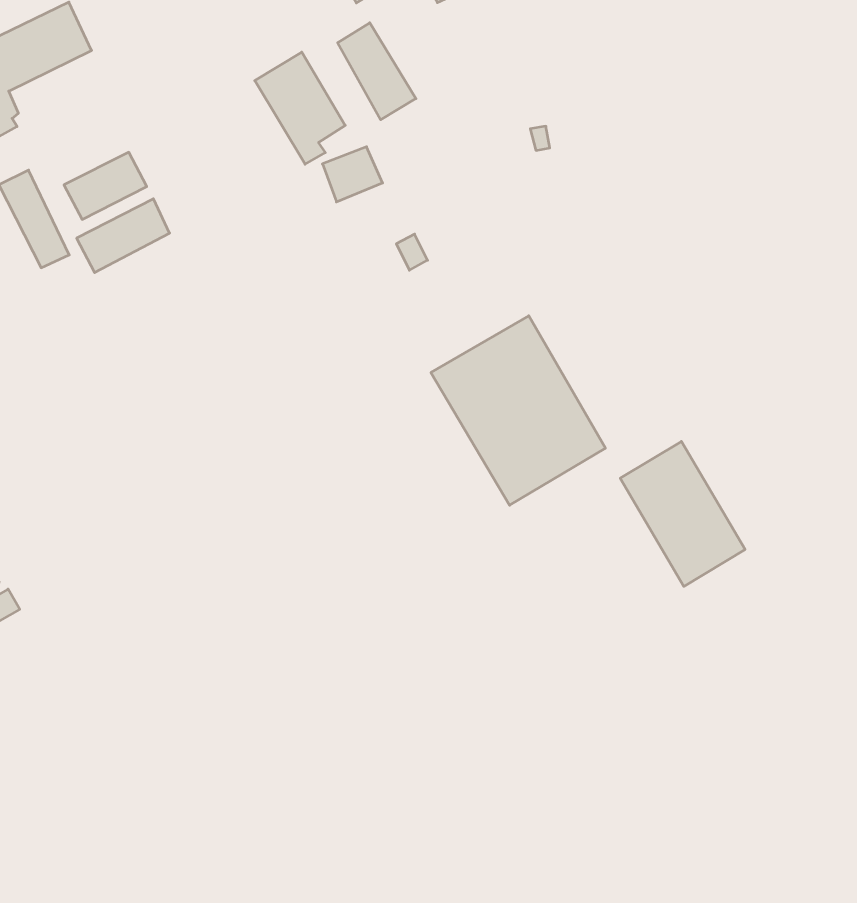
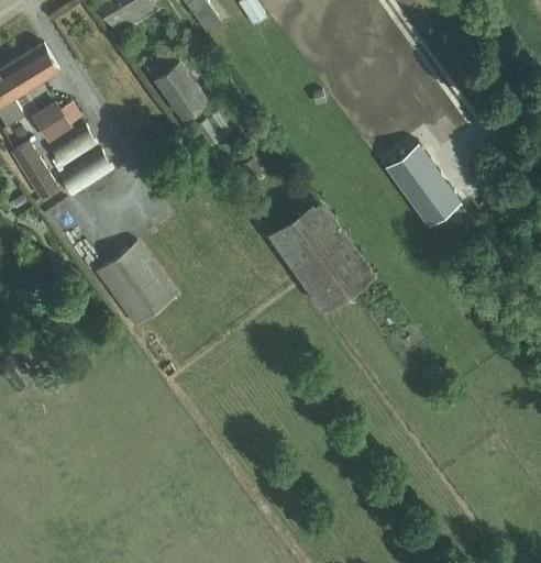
building: [338,23,416,120] -> none
building: none -> [34,103,73,140]
building: none -> [97,244,176,327]
building: [620,441,745,586] -> [386,143,461,225]

